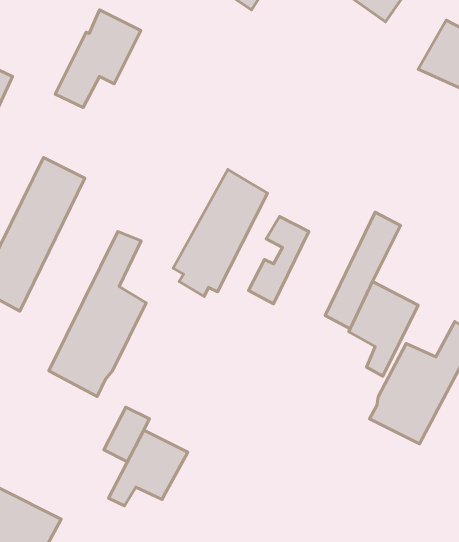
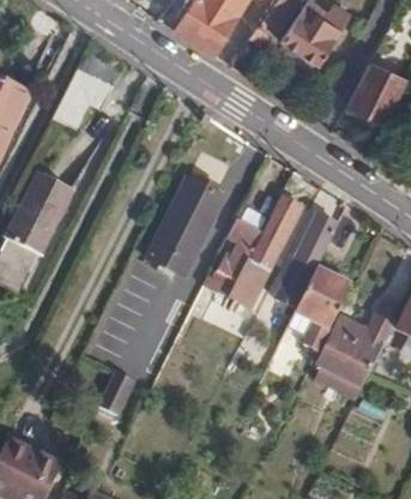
building: none -> [200,198,300,312]
building: [49,231,146,396] -> none
building: [109,430,188,506] -> none

